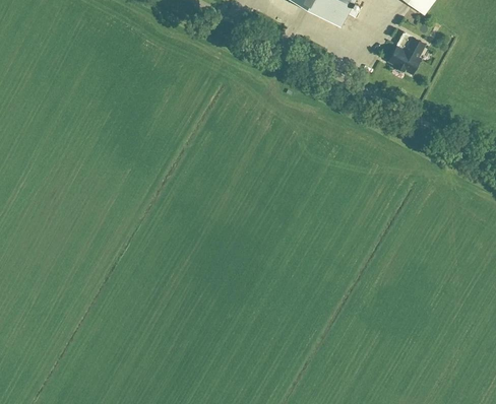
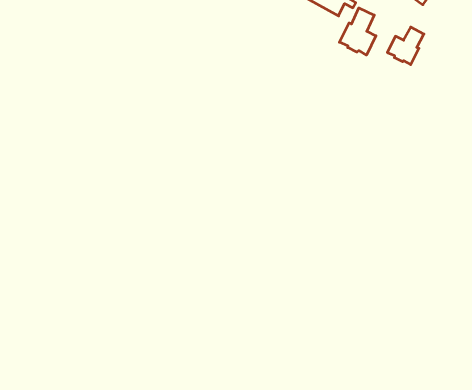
building: none -> [339,8,376,55]

